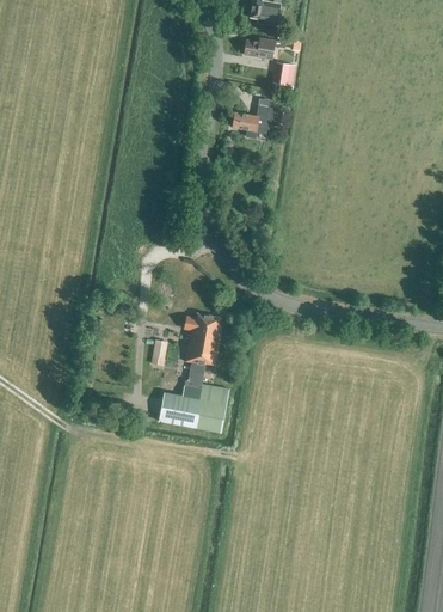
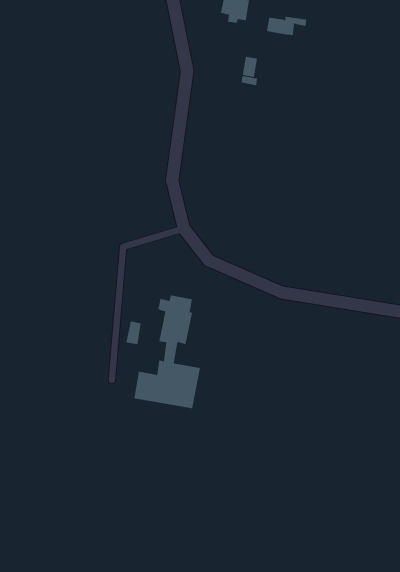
building: [244,37,287,57] -> [266,16,307,36]
building: [232,97,282,137] -> none

